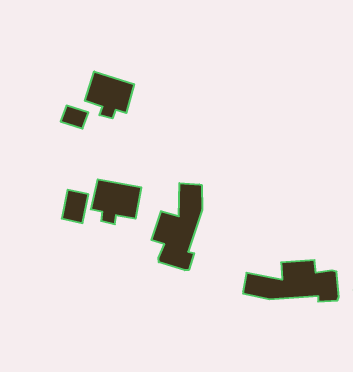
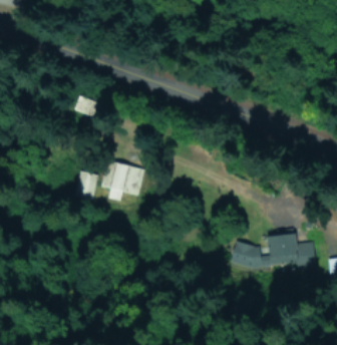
building: [85,71,134,118] -> none
building: [151,183,202,270] -> none

